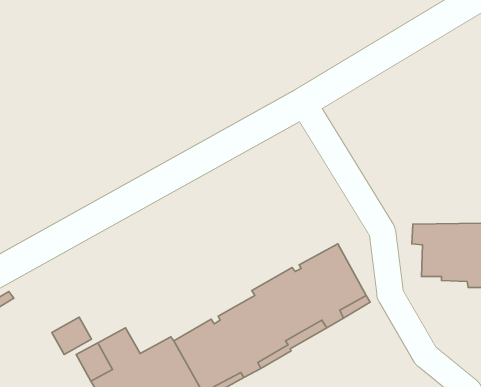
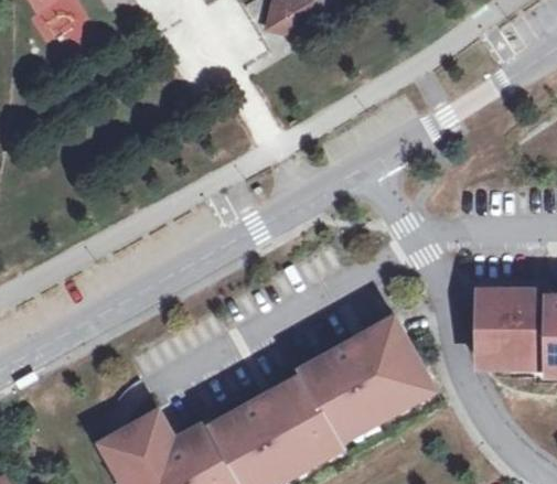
building: [52,317,92,354] -> none

